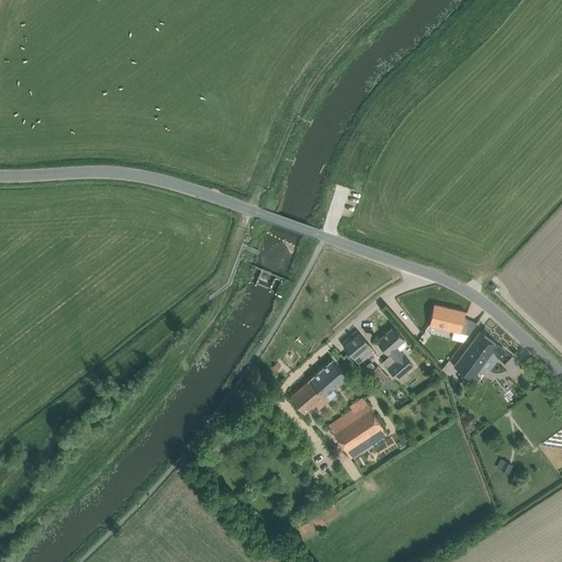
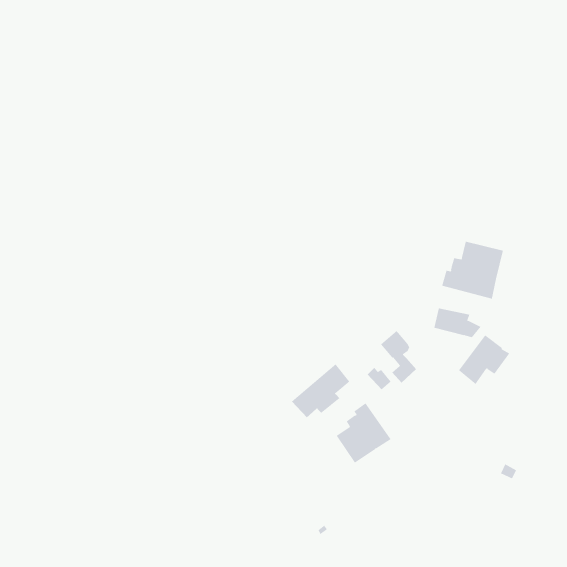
building: none -> [441,241,504,299]
building: [342,334,373,364] -> none

